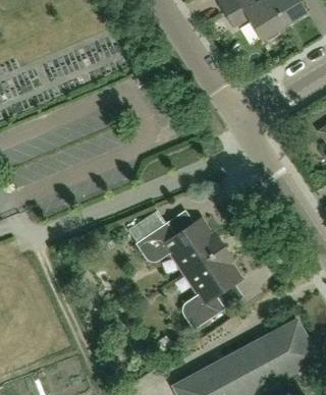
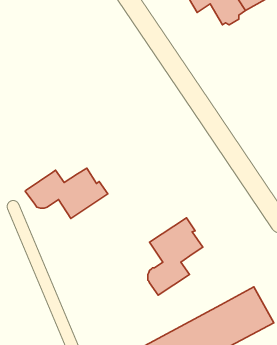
building: [134,218,223,272] -> [25,168,108,218]

